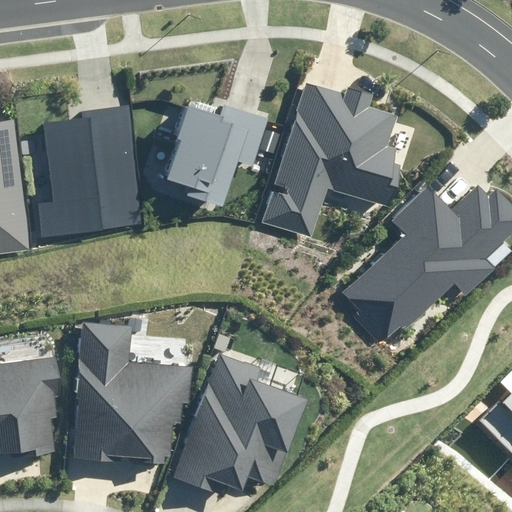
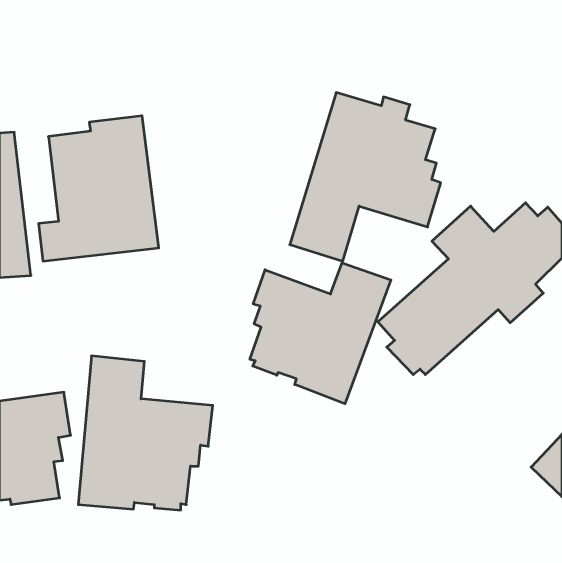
building: [166,101,267,207] -> none
building: none -> [250,263,391,404]
building: [173,353,304,492] -> none

